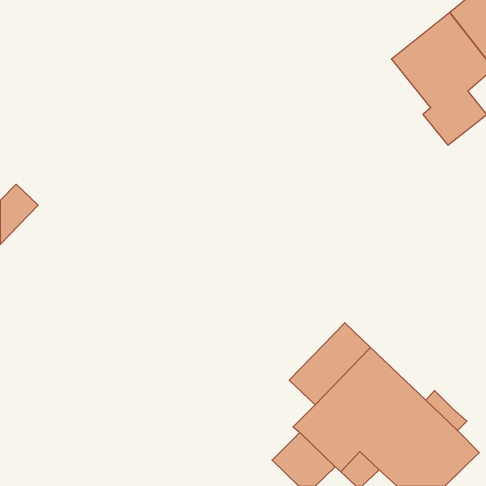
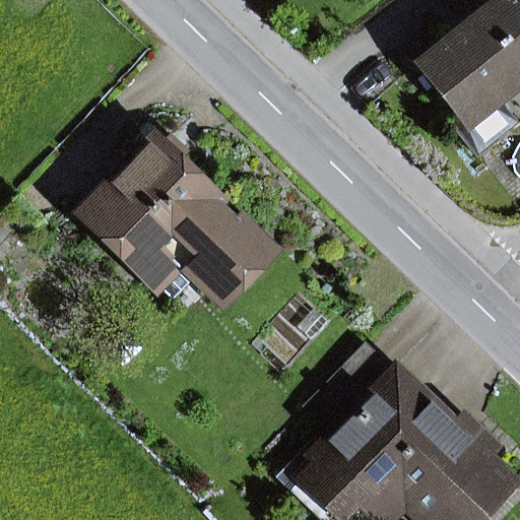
building: none -> [82,137,272,300]

